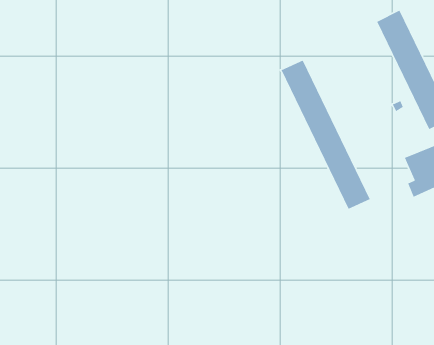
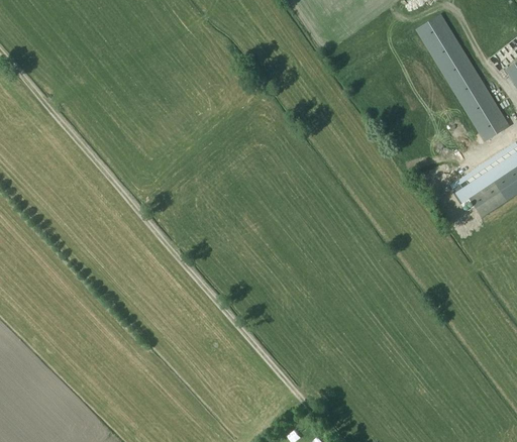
building: [280,59,371,210] -> none

